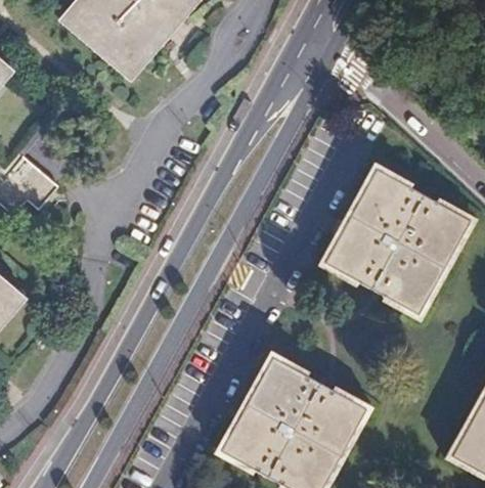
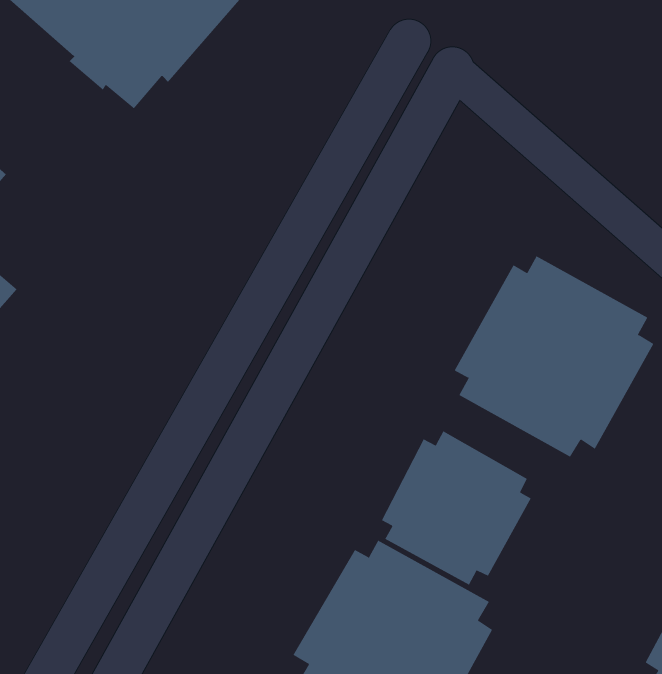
building: none -> [381,430,532,586]

